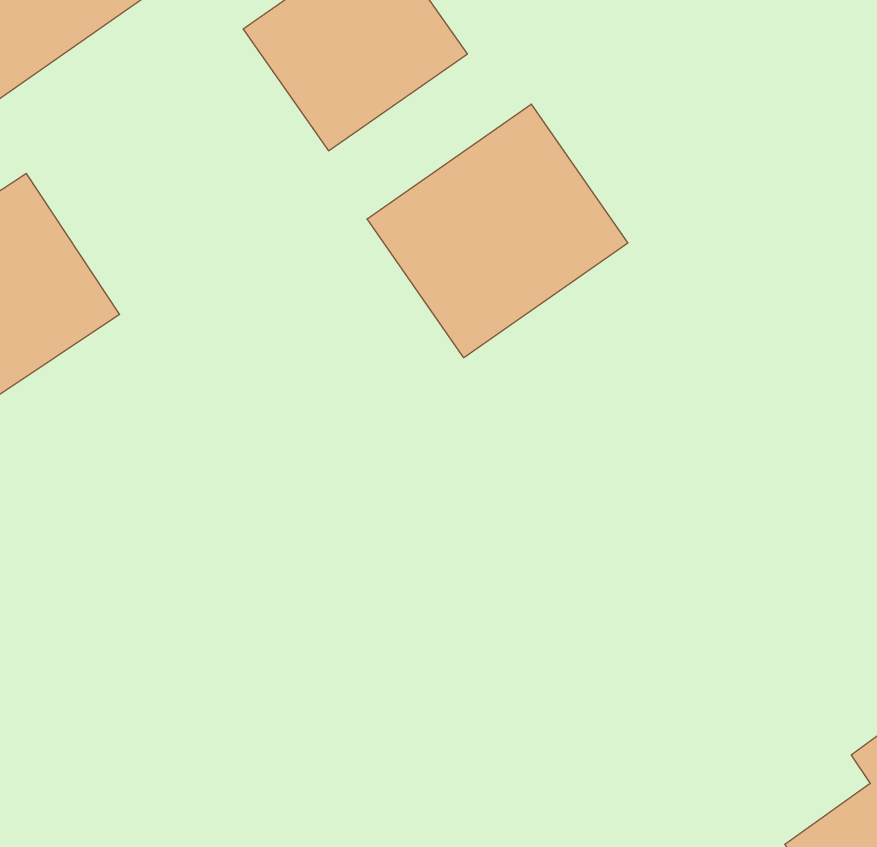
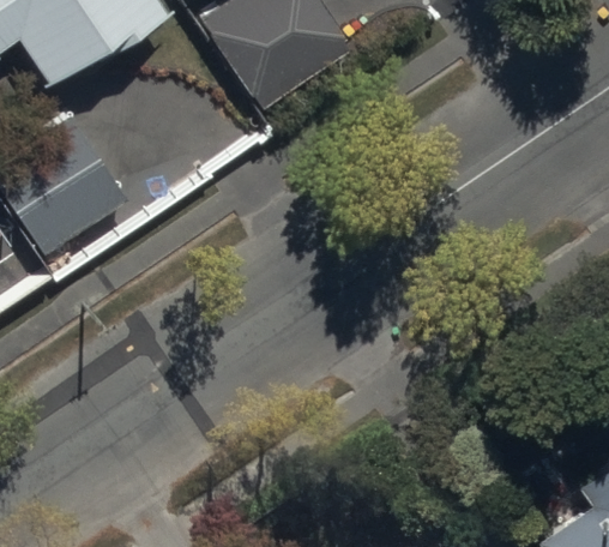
building: [367,104,628,358] -> none

